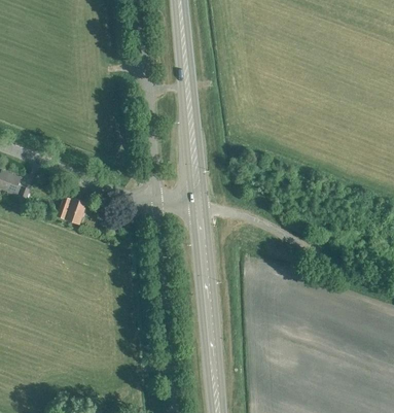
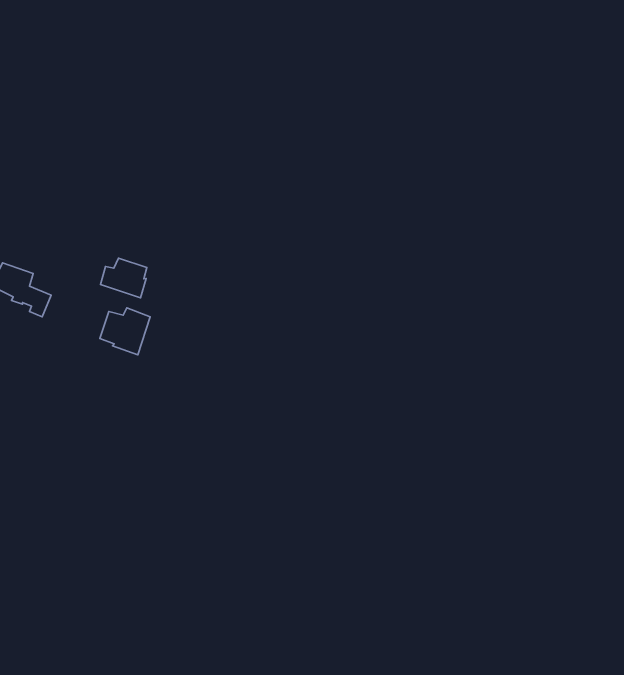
building: none -> [101,258,147,298]

